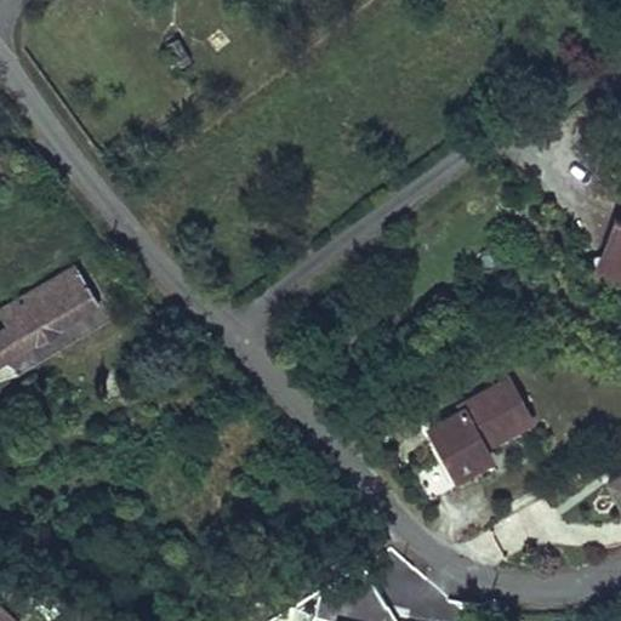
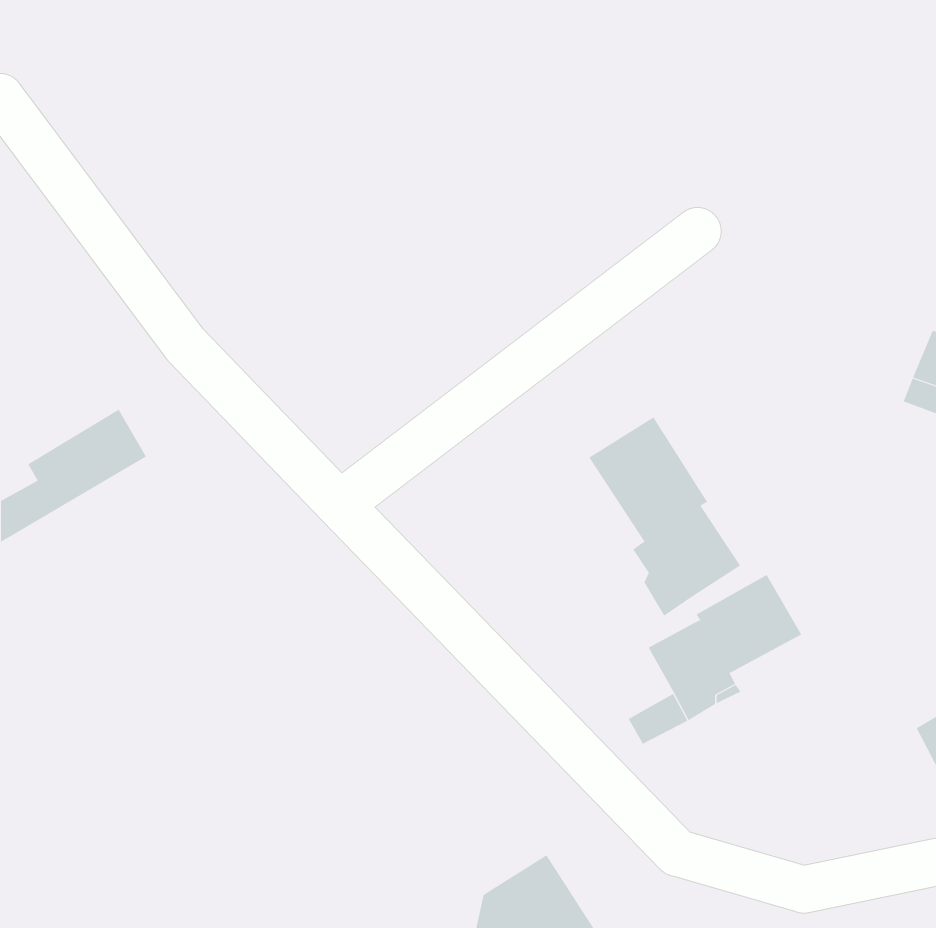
building: none -> [588,416,741,616]

